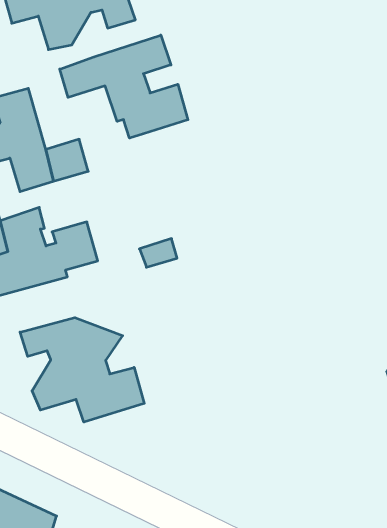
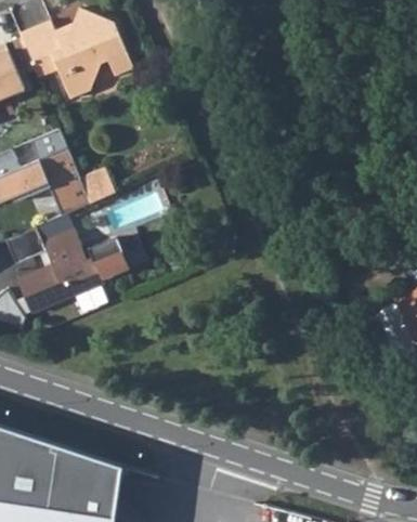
building: [60,35,188,138] -> none
building: [20,318,144,422] -> none

